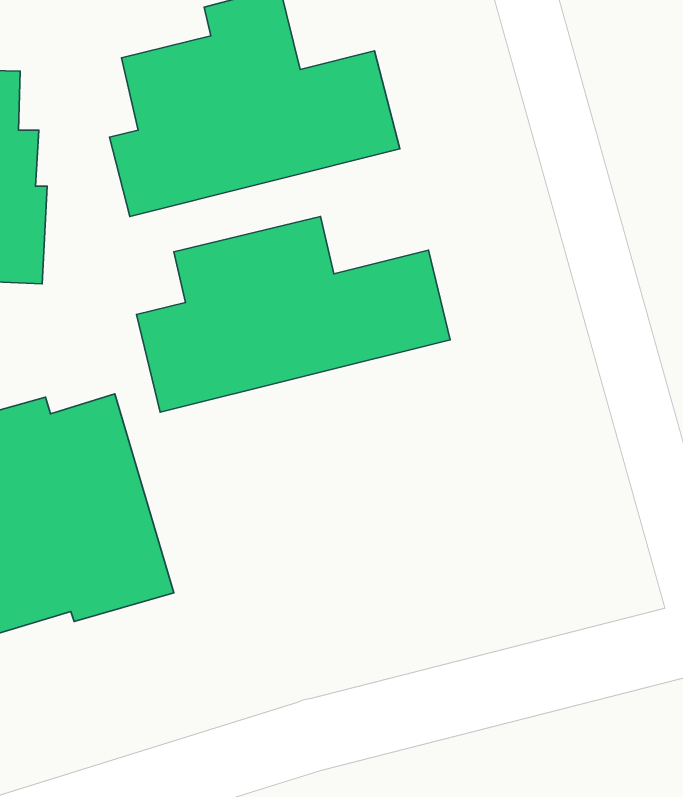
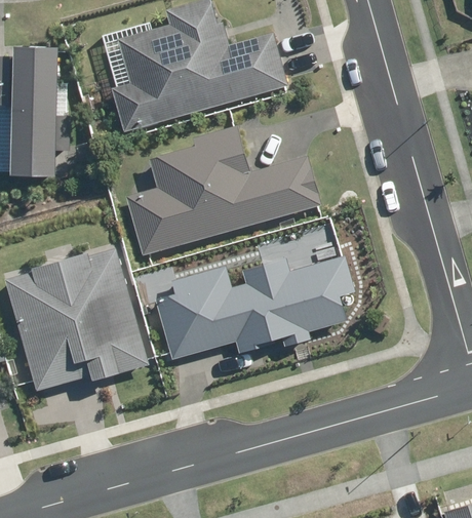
building: none -> [151,256,353,359]

